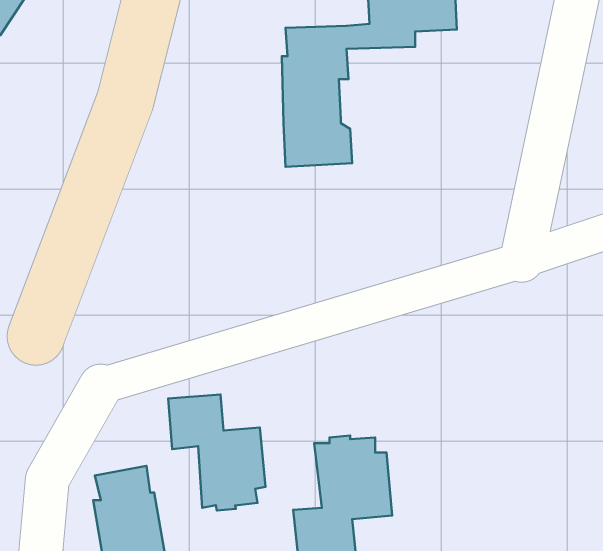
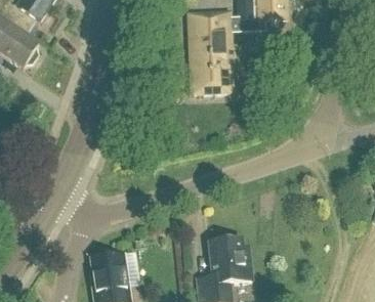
building: [168,394,265,511] -> none

